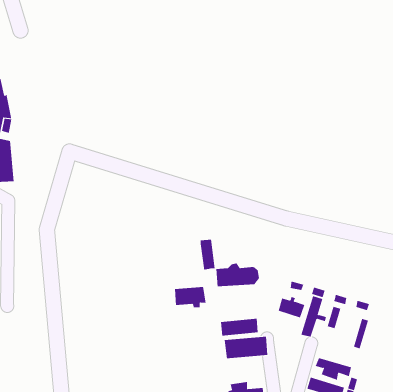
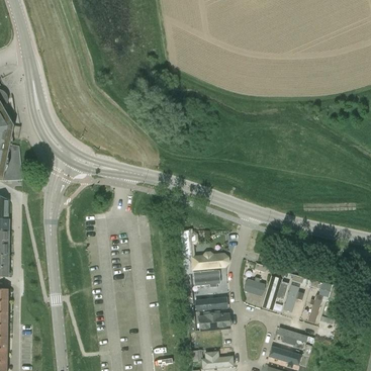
building: [174,286,206,308] -> [194,269,221,287]

